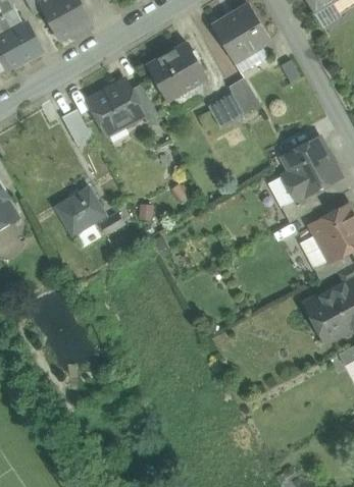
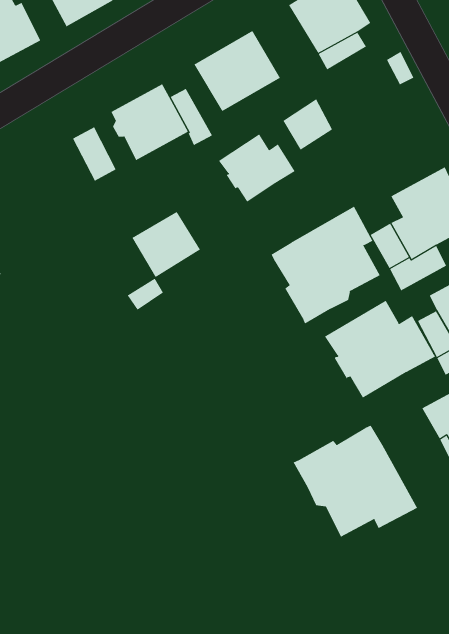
building: [229,74,259,111] -> none
building: none -> [218,133,296,202]
building: none -> [271,206,381,324]
building: [58,188,106,234] -> [131,211,201,278]
building: none -> [324,300,436,399]
building: none -> [293,425,418,538]

